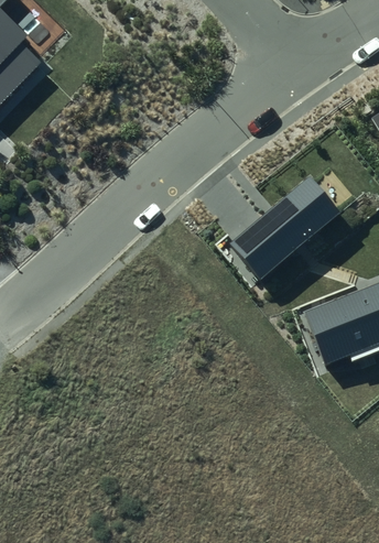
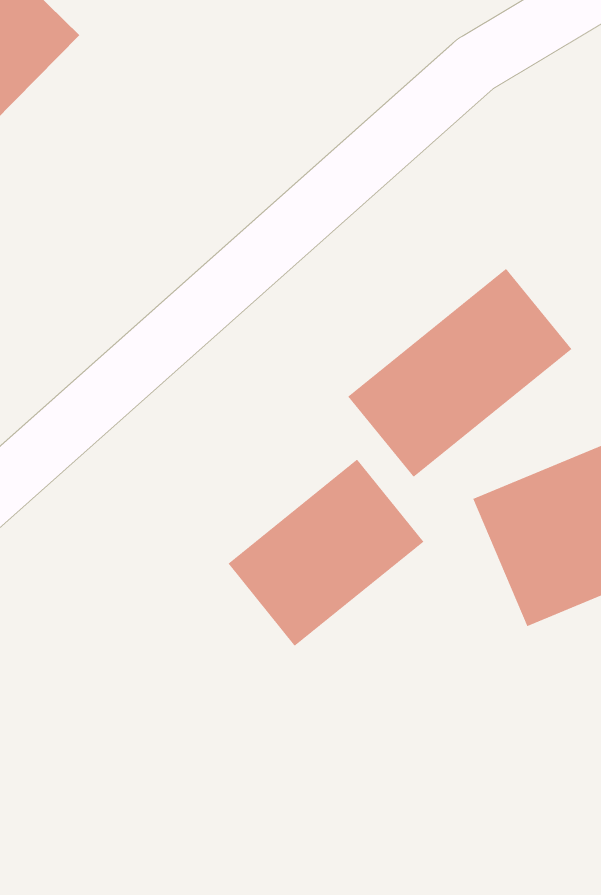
building: none -> [227,459,424,647]

